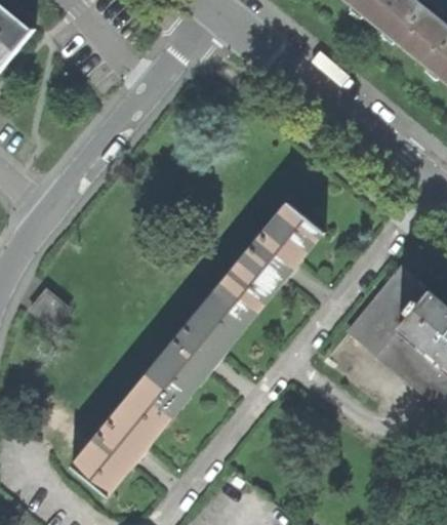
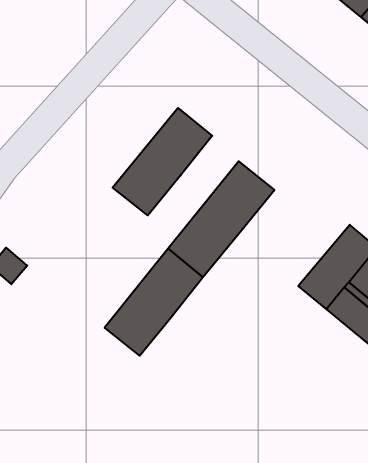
building: none -> [113,108,212,215]
building: [72,372,184,494] -> none

